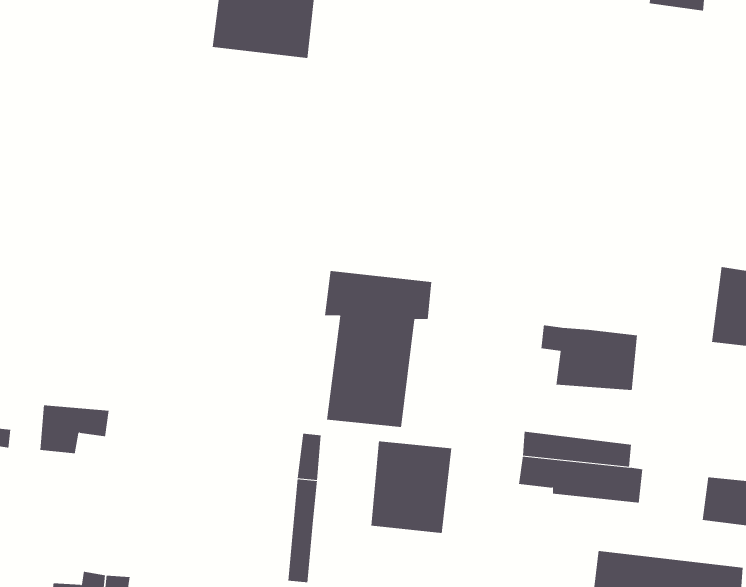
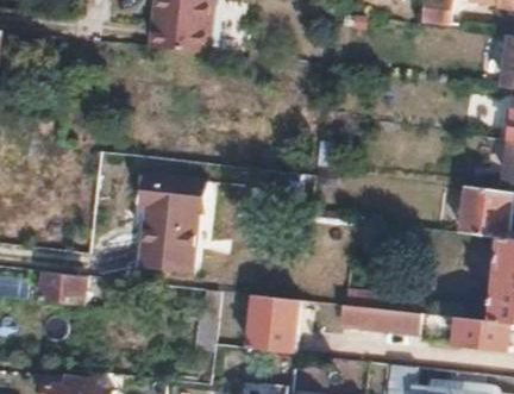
building: [324,270,432,428] -> [140,174,208,273]
building: [541,324,637,391] -> none

